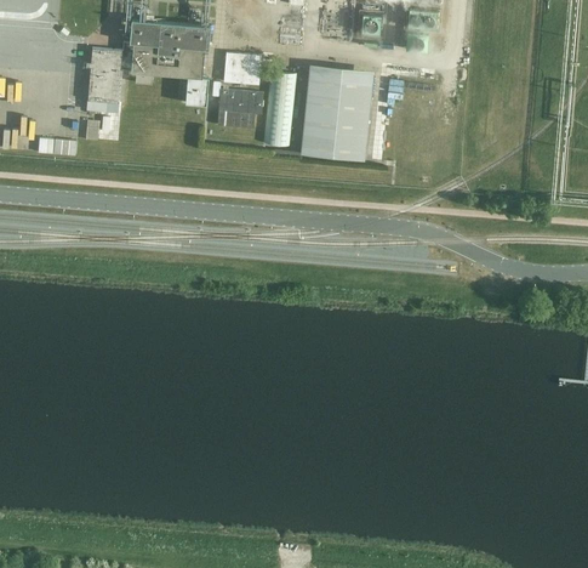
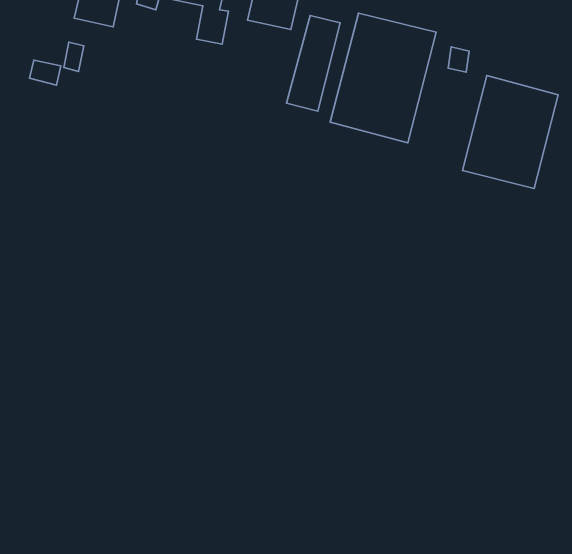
building: [217,90,264,132] -> none
building: none -> [462,75,558,188]

